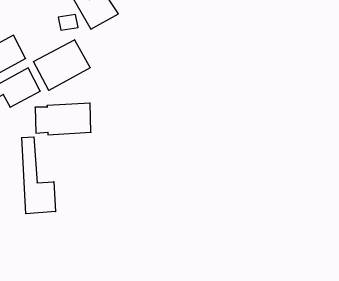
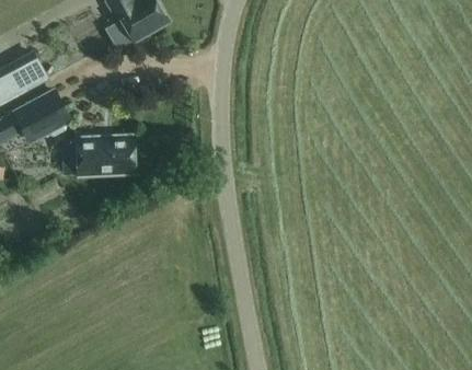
building: [33,40,90,90] -> none
building: [22,137,56,214] -> none

